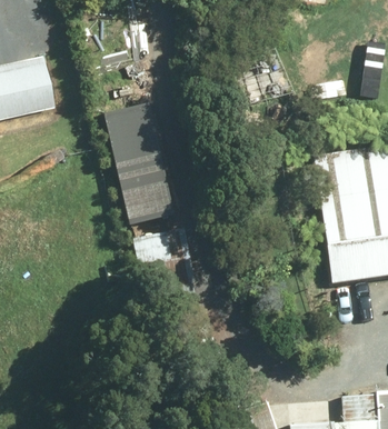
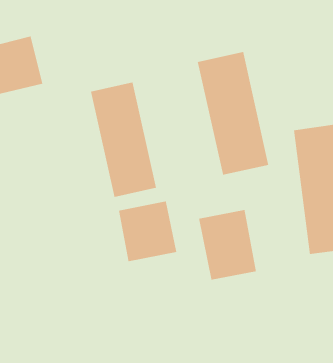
building: none -> [197,51,269,176]
building: none -> [199,209,257,280]

